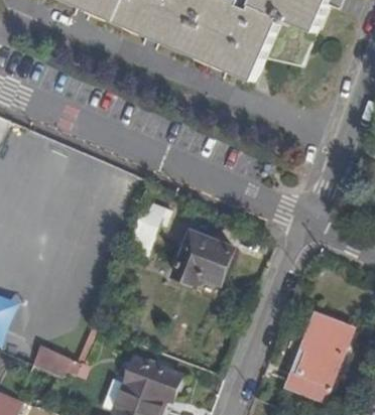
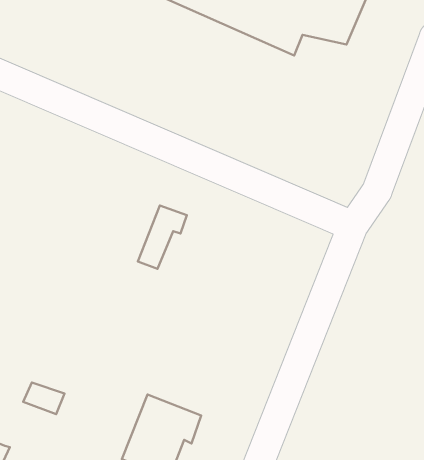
building: [170,233,232,285] -> none
building: [285,314,348,401] -> none

